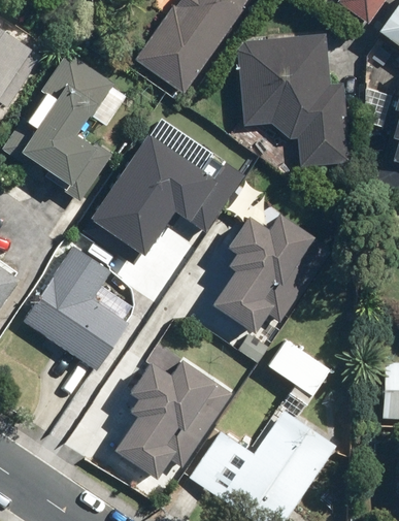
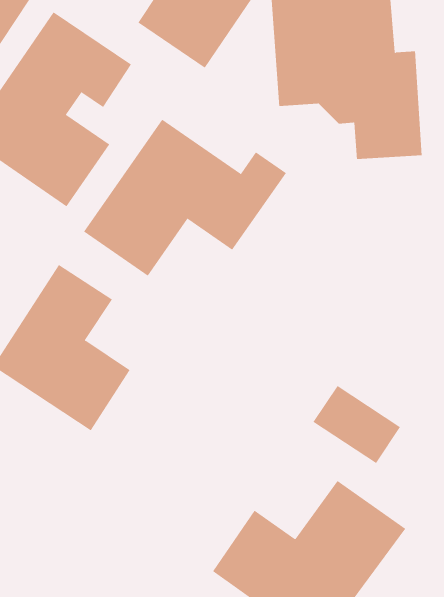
building: [211,214,331,332] -> none
building: [112,346,234,480] -> none

